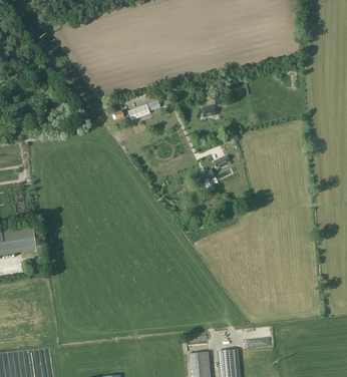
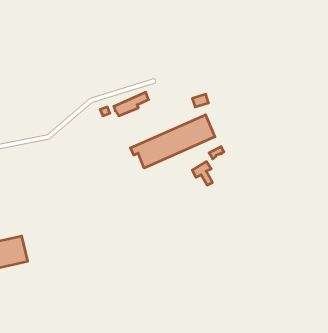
building: none -> [130,115,215,168]

